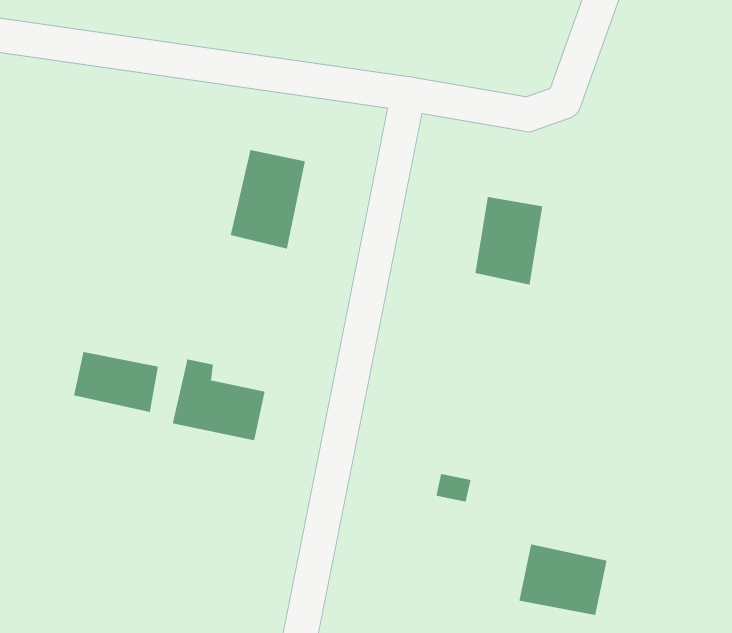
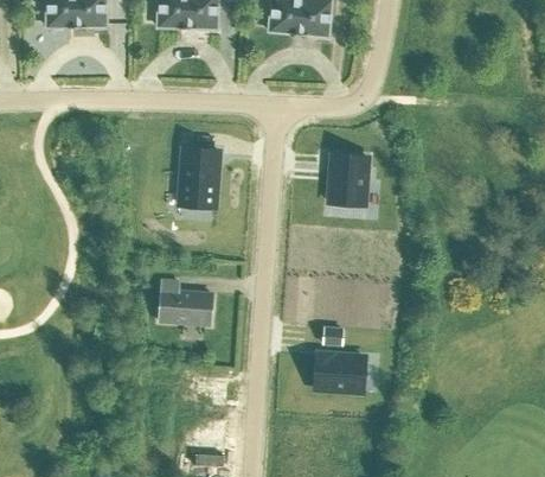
building: [73,351,159,413] -> none
building: [519,543,608,616] -> [314,352,364,390]

